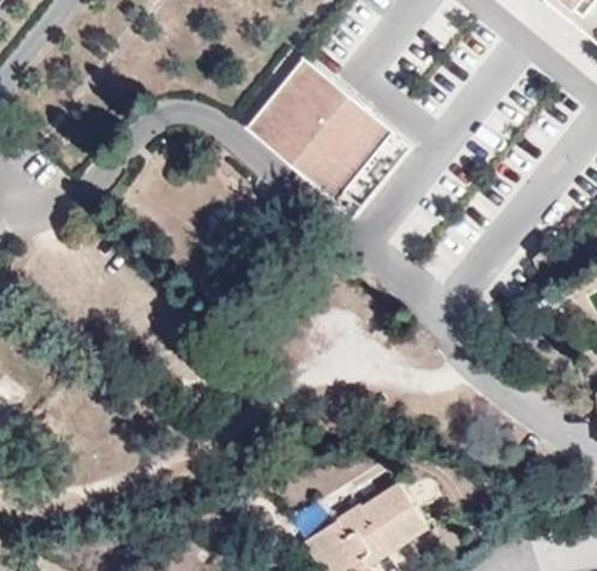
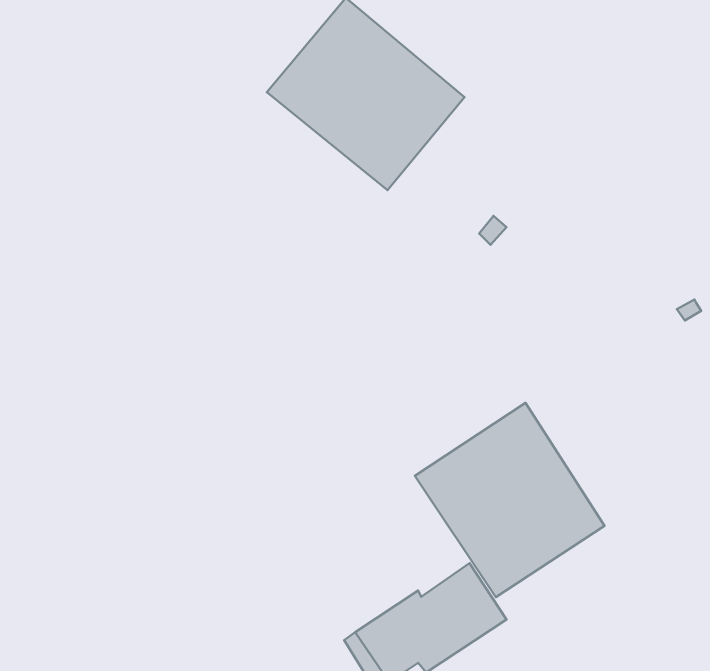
building: none -> [415,403,604,597]

